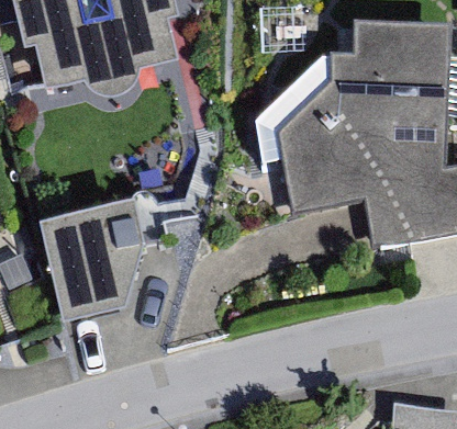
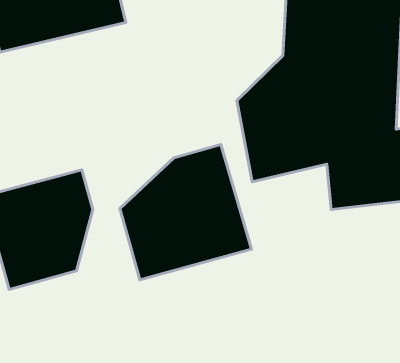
building: none -> [120,145,251,280]

